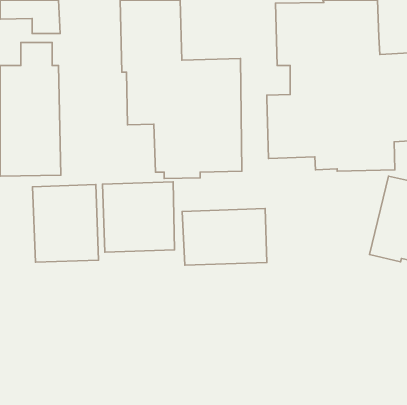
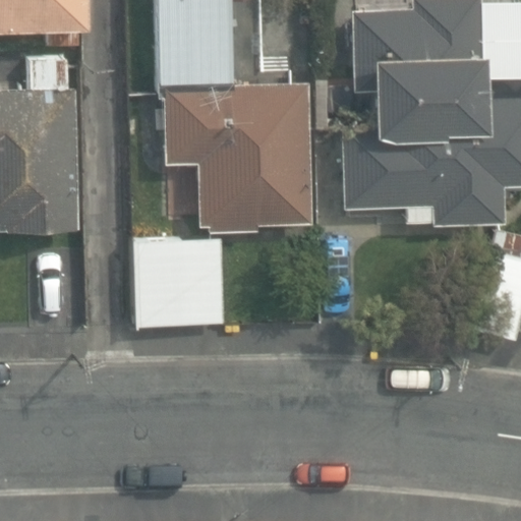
building: [32,185,98,262] -> none
building: [182,209,267,265] -> none

